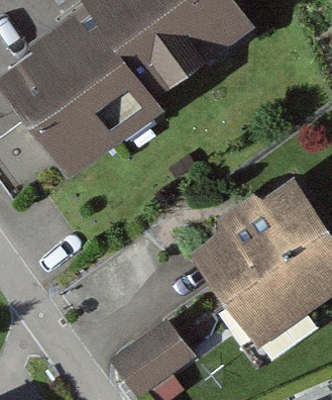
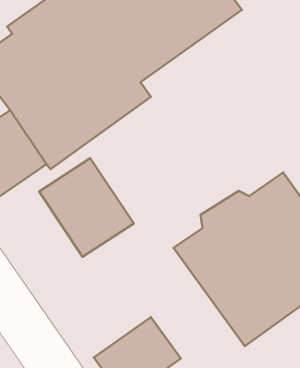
building: none -> [39,158,134,257]

